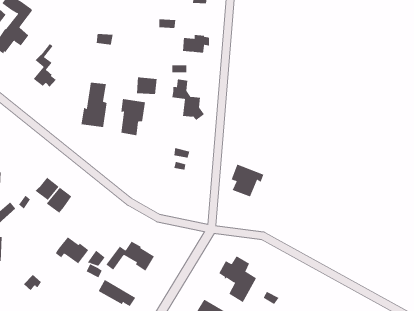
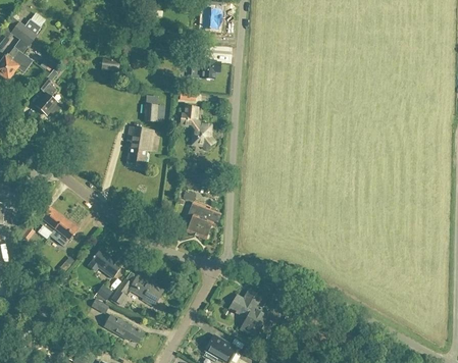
building: [81,82,107,128] -> none
building: [231,164,264,197] -> [186,203,220,238]
building: [55,237,89,264] -> [88,248,123,276]

